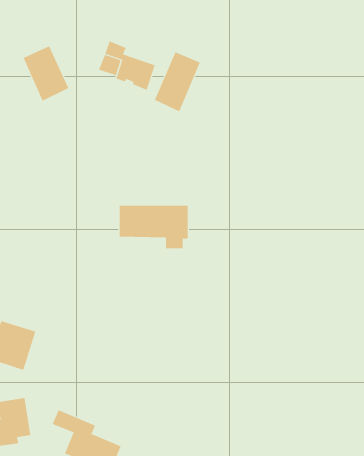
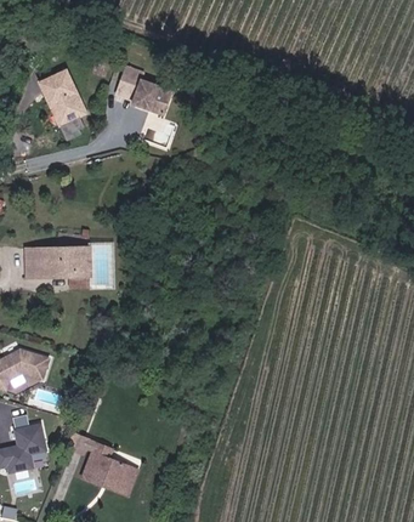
building: [154,51,201,112] -> none
building: [119,205,188,249] -> [24,245,93,289]

